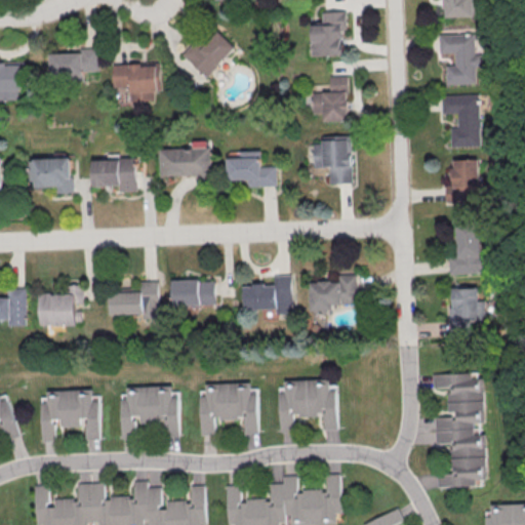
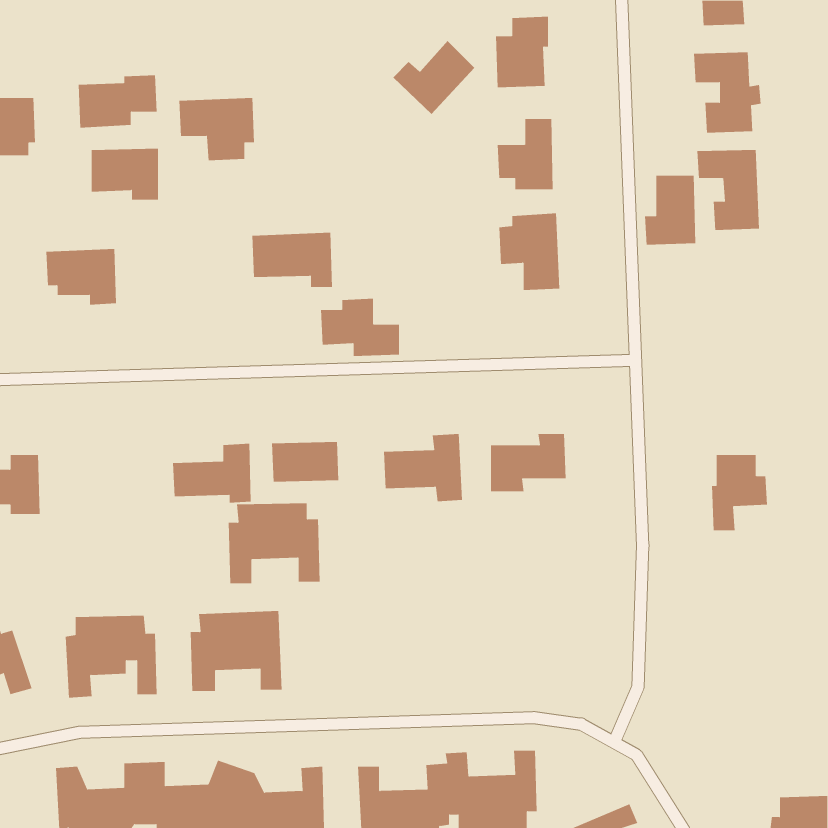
building: [183,31,235,78] -> [392,40,475,115]
building: [227,151,277,188] -> [320,298,400,357]
building: [94,159,137,192] -> [91,148,159,200]
building: [445,160,478,204] -> [644,175,696,245]
building: [448,224,482,275] -> none
building: [38,285,83,326] -> none
building: [432,373,486,487] -> none
building: [278,379,336,432] -> none
building: [199,383,257,435] -> [228,503,320,584]

